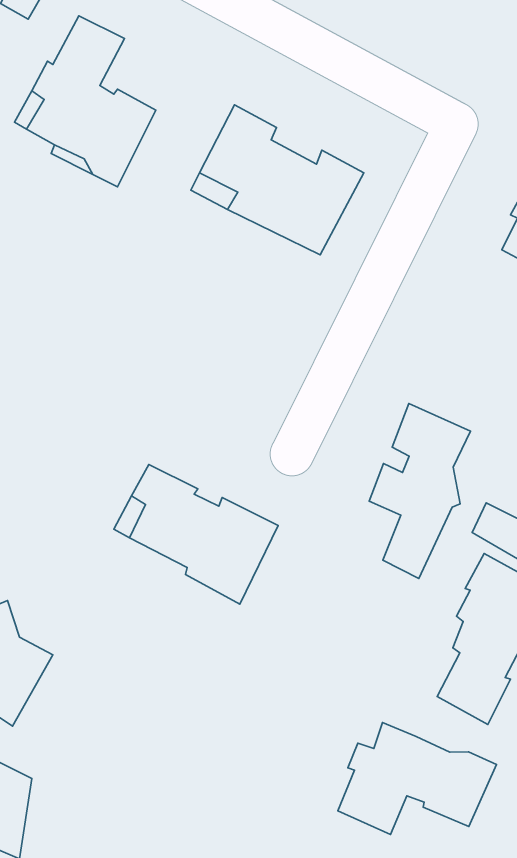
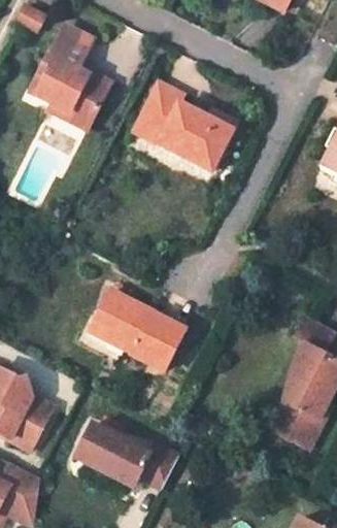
building: [369,403,470,578] -> none
building: none -> [74,423,181,490]
building: [338,723,497,834] -> none

